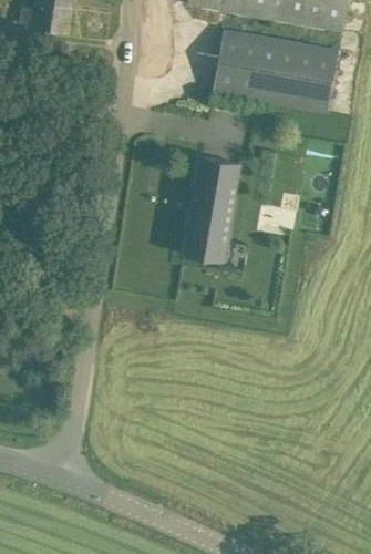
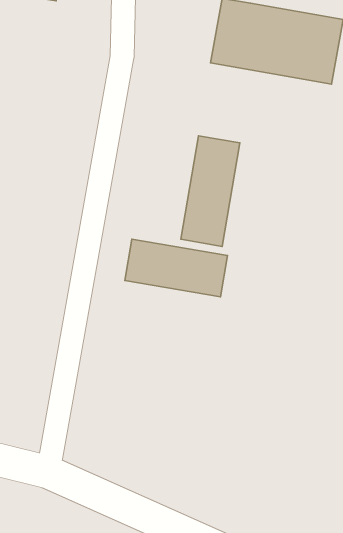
building: none -> [125,239,227,297]

